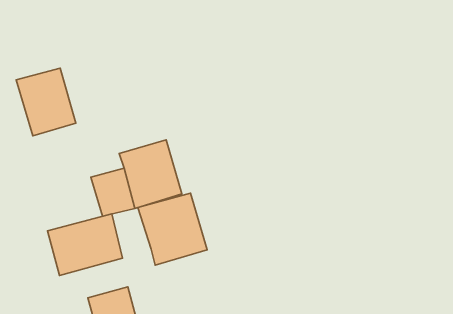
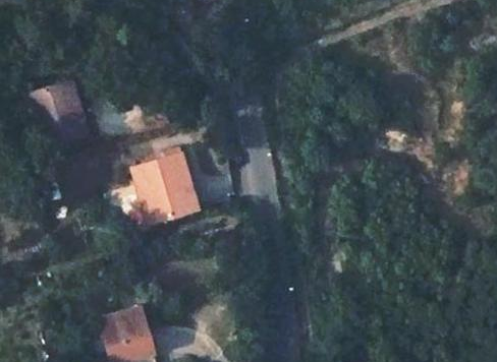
building: [138,193,207,265] -> none
building: [47,214,122,275] -> none

